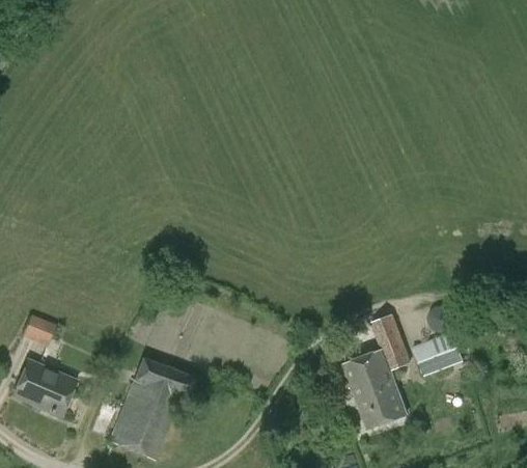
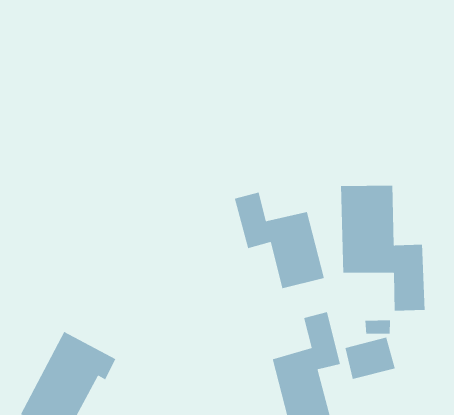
building: none -> [340,185,425,311]
building: none -> [234,192,325,289]

